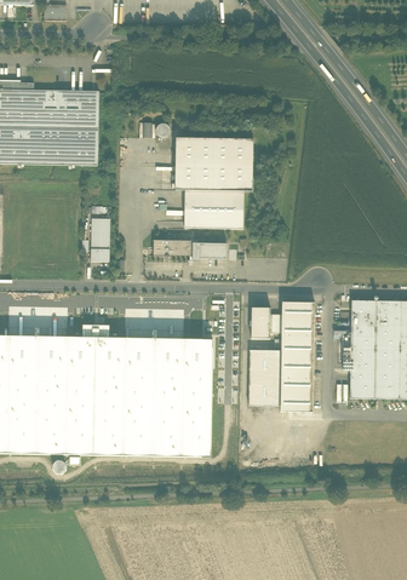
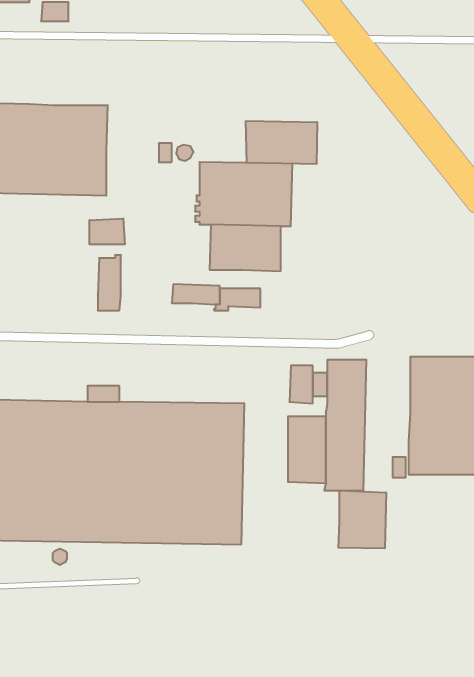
building: none -> [246,121,317,164]
building: none -> [89,218,125,244]
building: none -> [338,491,386,548]

